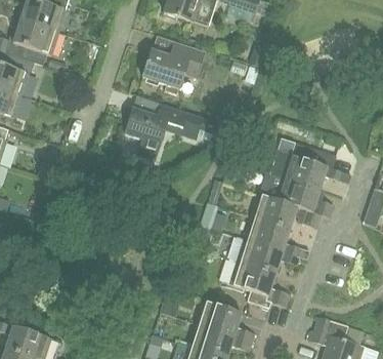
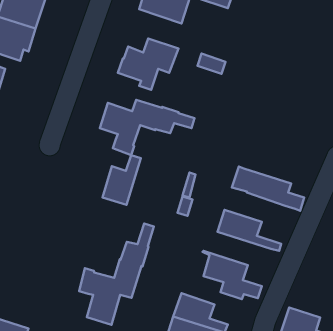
building: [270,145,351,189] -> none
building: none -> [102,155,141,205]
building: [251,193,323,228] -> none
building: none -> [79,223,154,325]
building: [229,236,298,272] -> none

